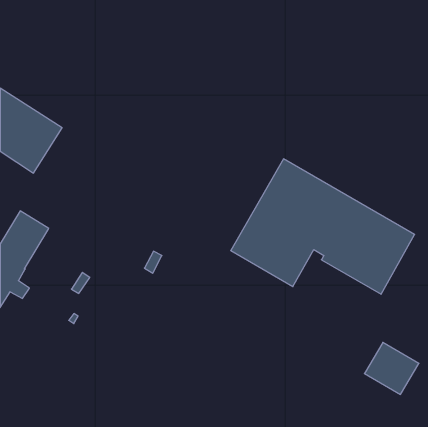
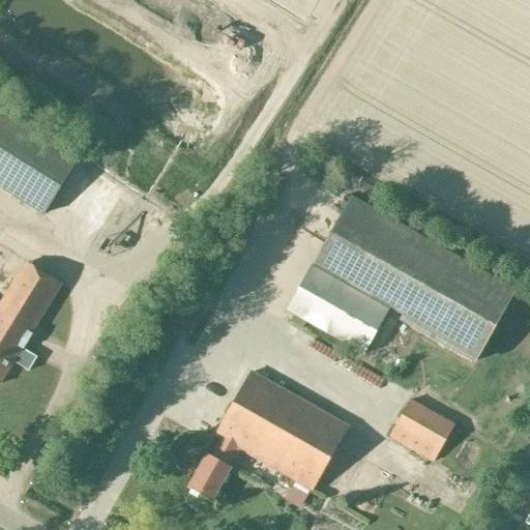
building: none -> [188,370,348,499]
building: [364,342,419,394] -> [387,396,454,461]

